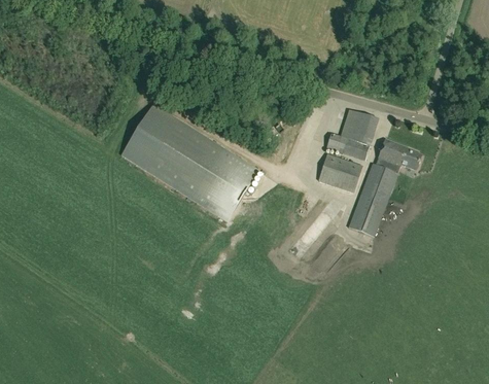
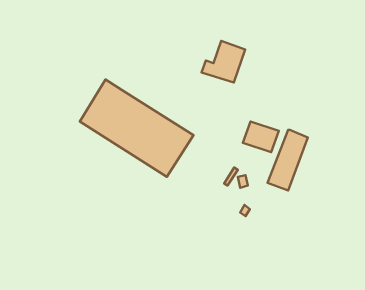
building: [325,109,378,160] -> [201,41,245,83]
building: [375,138,421,173] -> none

